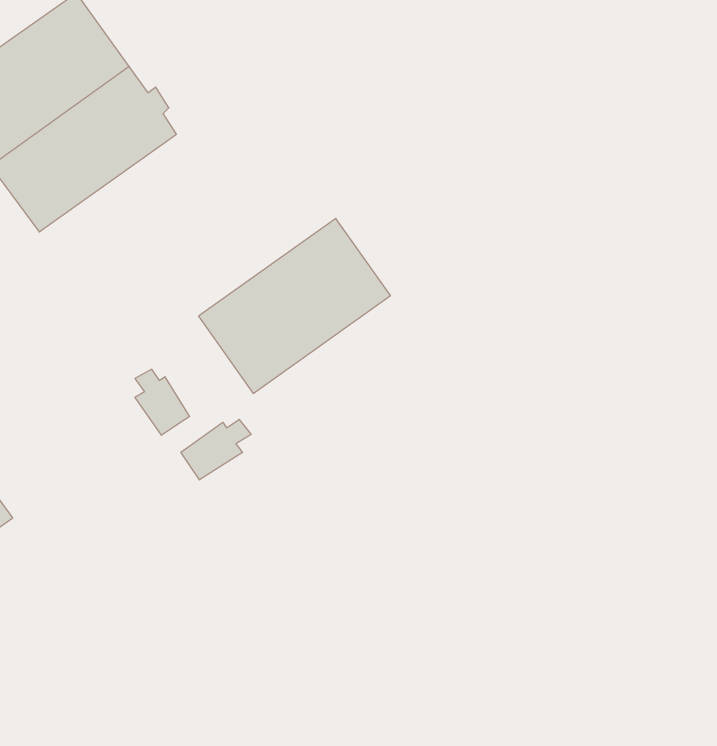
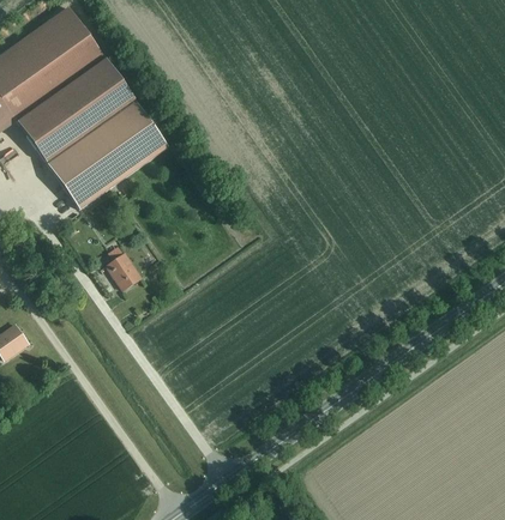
building: [199,218,390,393] -> [43,98,166,210]
building: [181,419,251,480] -> none

